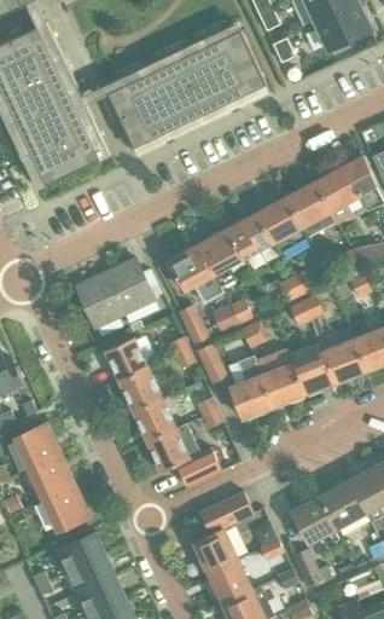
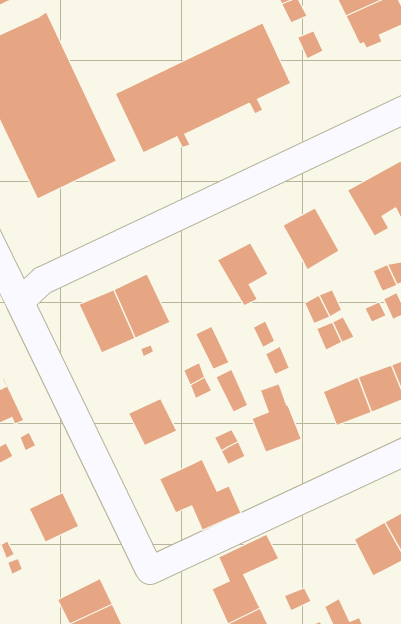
building: [286,181,339,236] -> none
building: [228,213,279,256] -> none
building: [168,244,223,300] -> none
building: [104,337,147,382] -> none
building: [255,352,306,405] -> none
building: [133,398,175,441] -> none
building: [14,422,59,468] -> none
building: [43,484,88,530] -> none
building: [292,496,338,544] -> none

